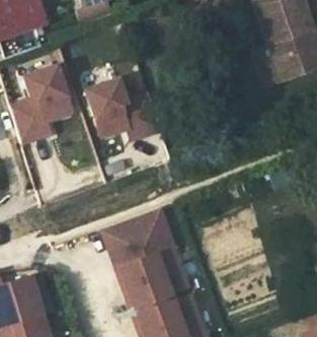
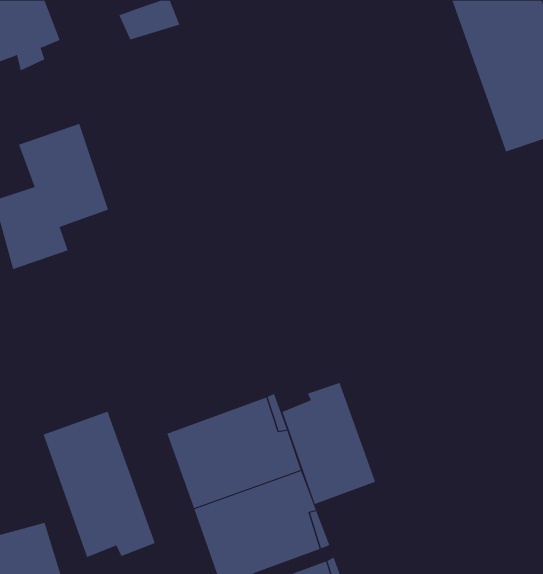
building: [86,78,161,139] -> none
building: none -> [282,382,376,505]
building: none -> [43,411,155,558]

